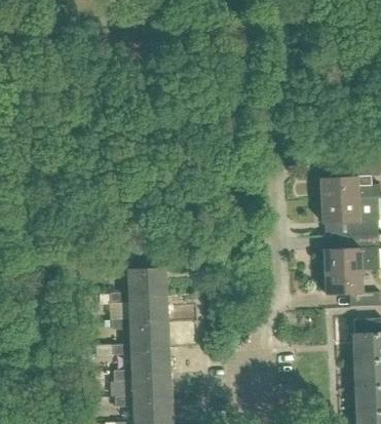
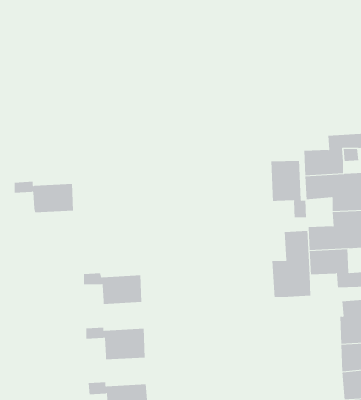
building: none -> [271,160,306,218]
building: none -> [272,230,311,298]
building: [110,268,166,298] -> [14,181,74,213]
building: [113,320,169,348] -> none
building: [115,372,172,400] -> none

